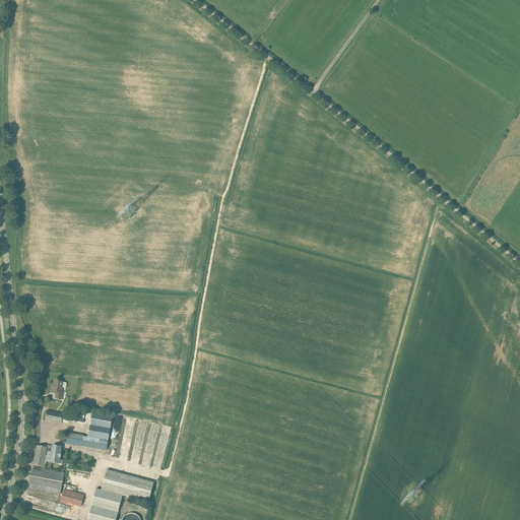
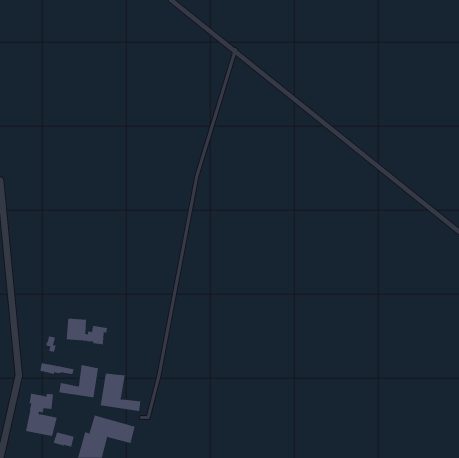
building: none -> [66,318,108,345]
building: none -> [100,373,141,412]

